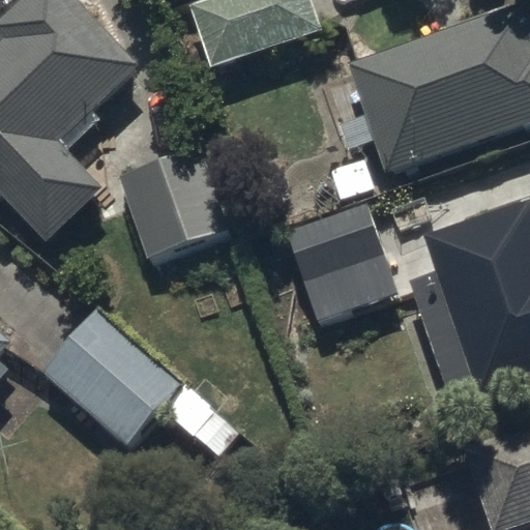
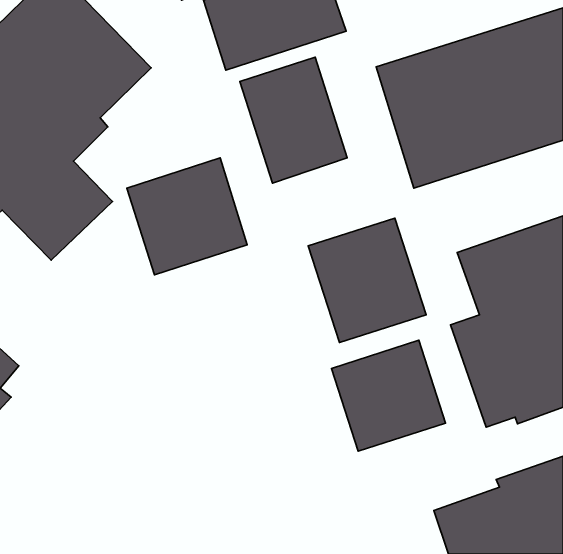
building: none -> [240,57,347,183]
building: [43,306,180,440] -> none
building: none -> [332,340,446,451]

